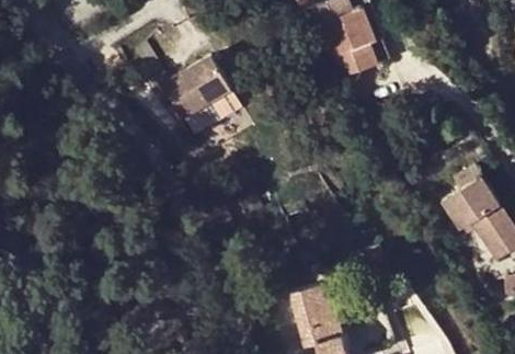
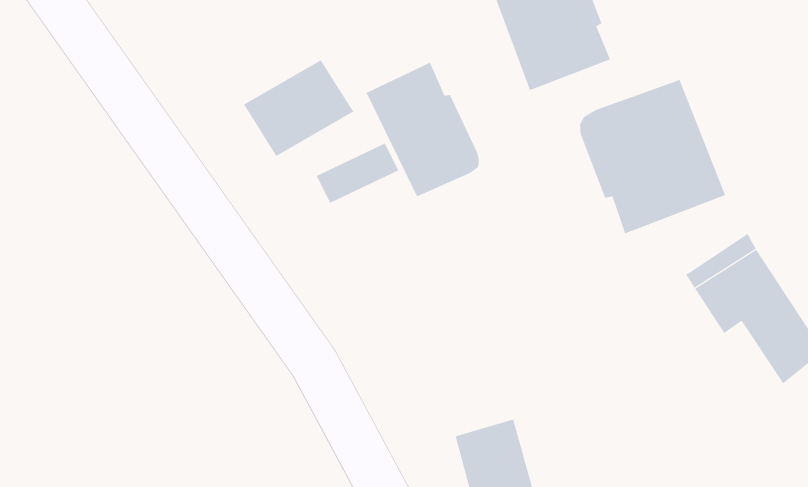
building: none -> [366,62,479,197]
building: none -> [580,79,726,234]

